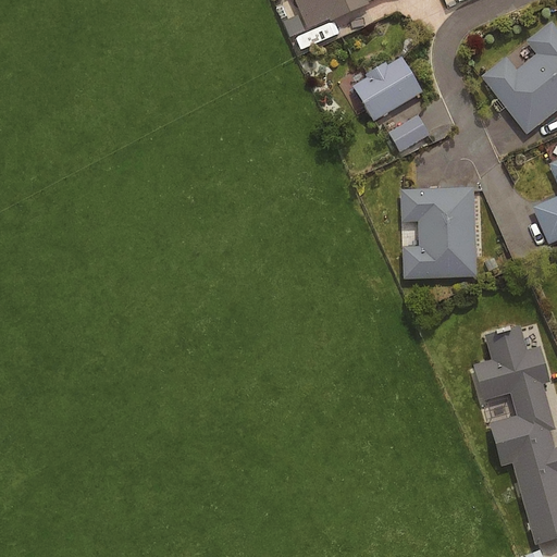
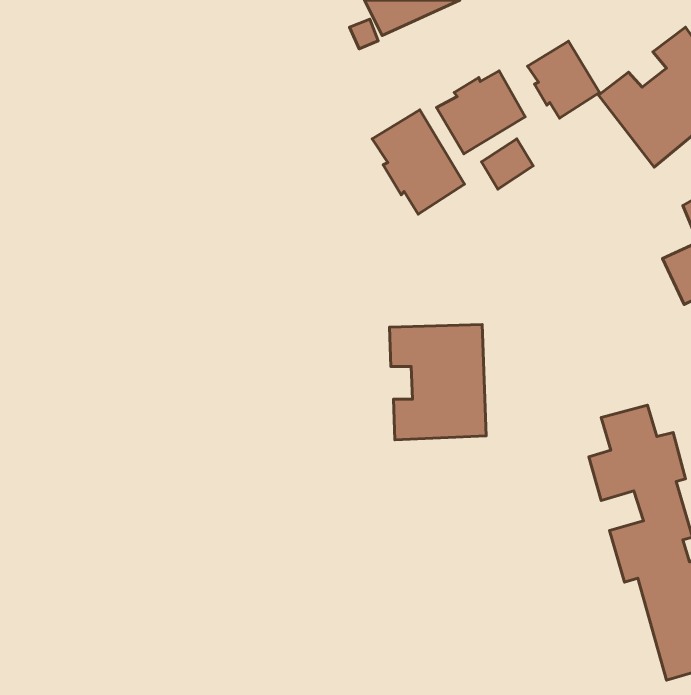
building: none -> [528,41,600,118]
building: none -> [372,110,464,214]
building: [400,187,478,280] -> [390,324,486,440]

